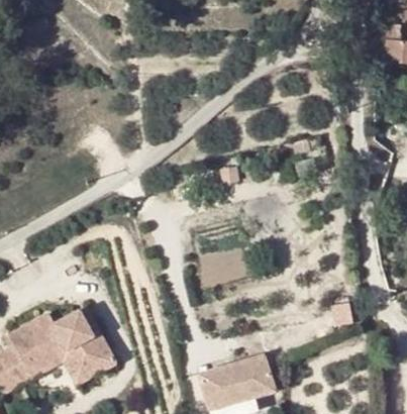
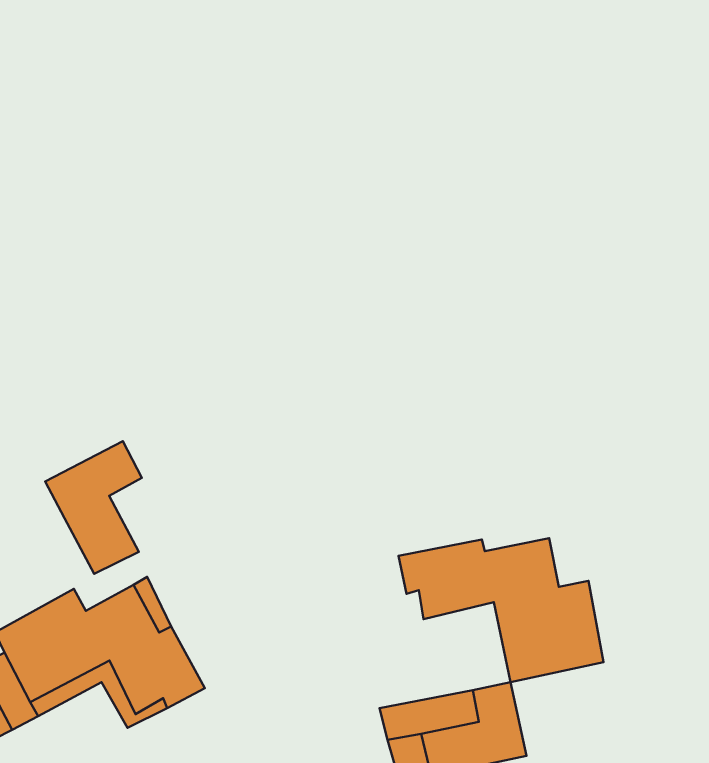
building: none -> [45,441,142,574]
building: none -> [398,538,603,682]

